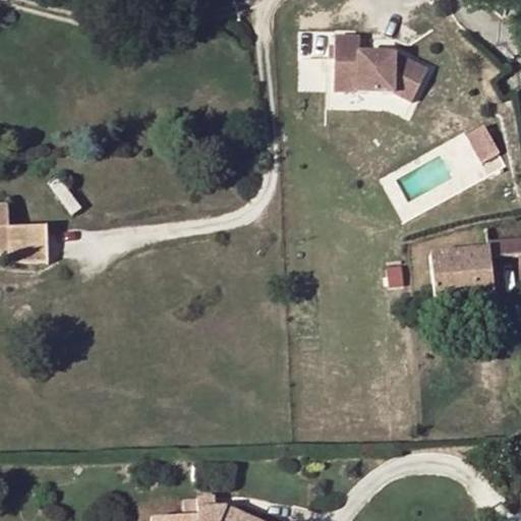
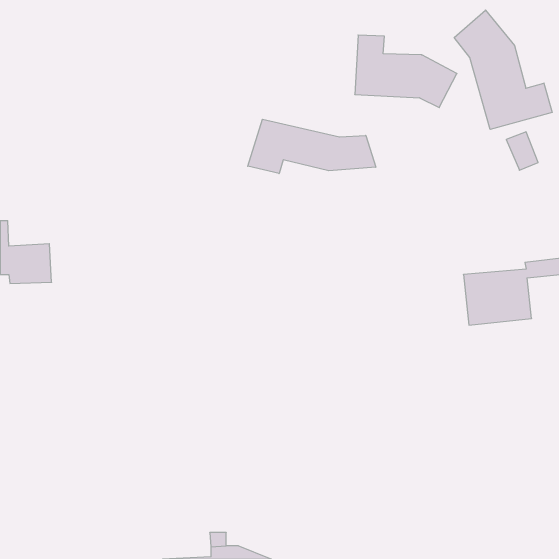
building: none -> [454,10,552,129]
building: none -> [248,119,376,174]

